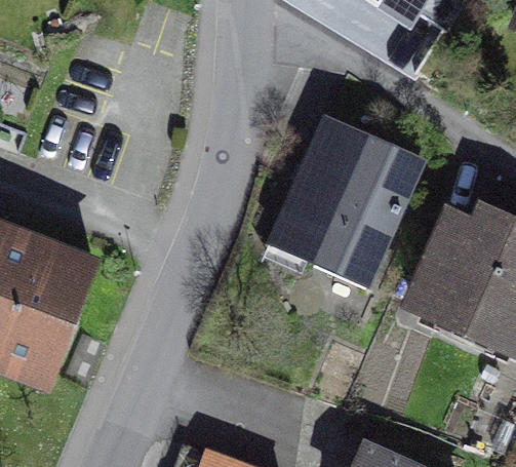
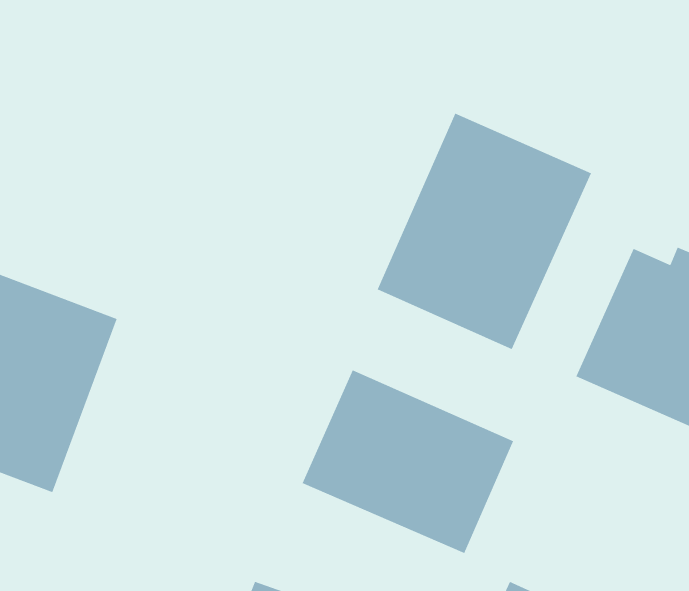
building: none -> [302,369,514,554]

